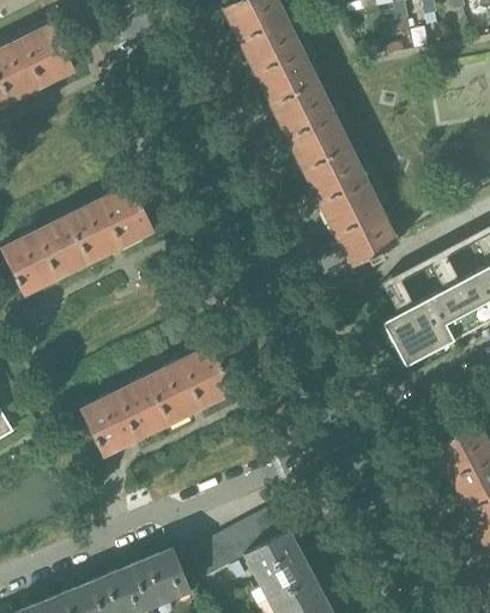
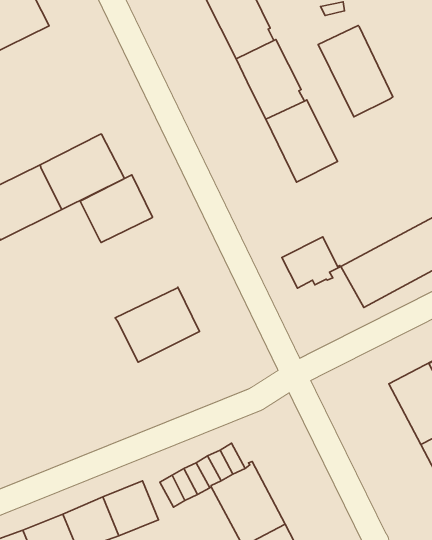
building: none -> [318,26,393,117]
building: [337,212,399,266] -> [282,237,341,288]
building: none -> [80,175,153,243]
building: [81,377,170,456] -> none

